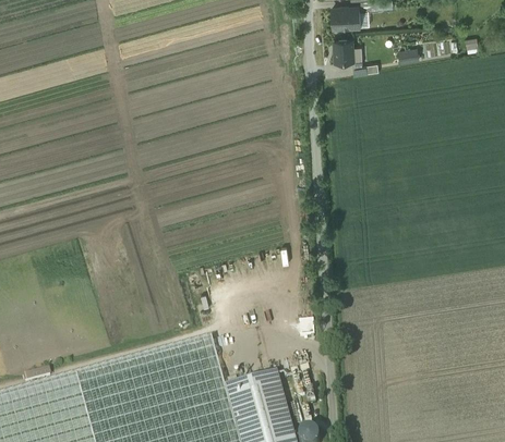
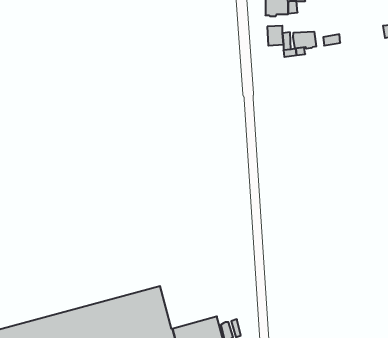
building: none -> [293,32,316,49]

